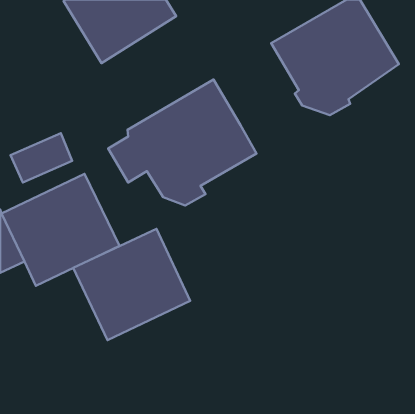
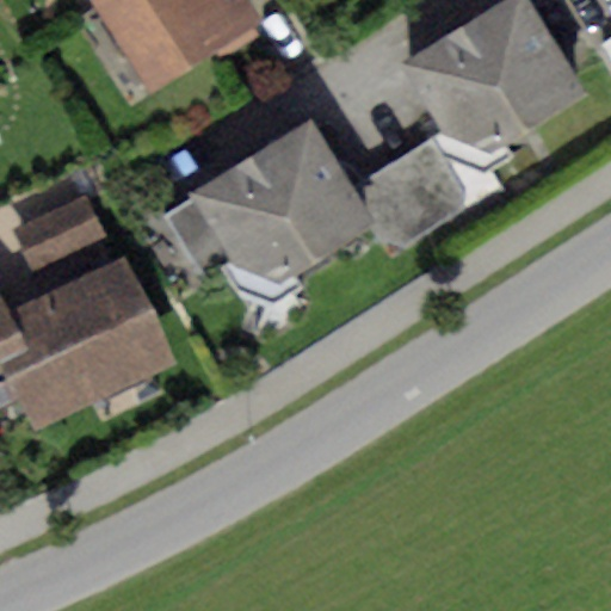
building: none -> [353,137,463,245]
building: [73,229,190,340] -> none

